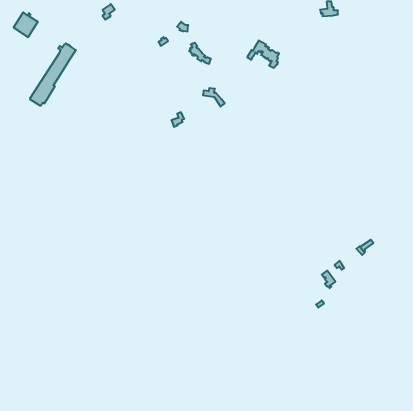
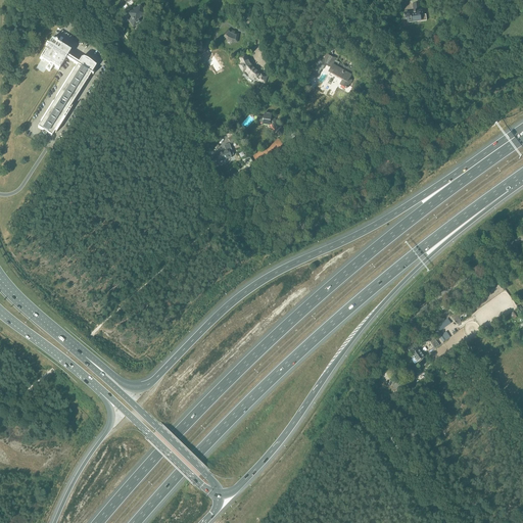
building: [14,12,38,37] -> [40,37,70,68]

